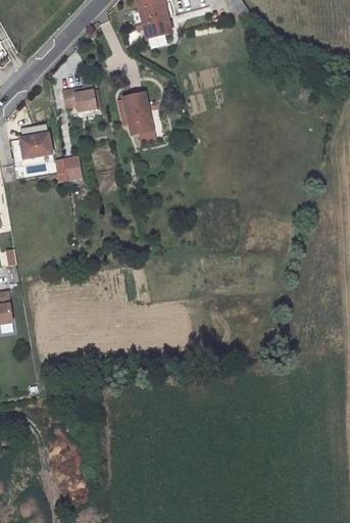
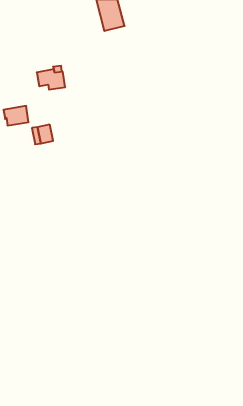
building: [117,92,149,135] -> none

